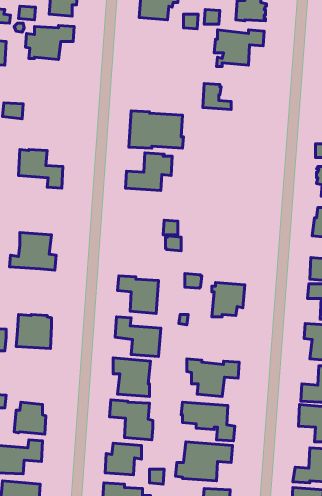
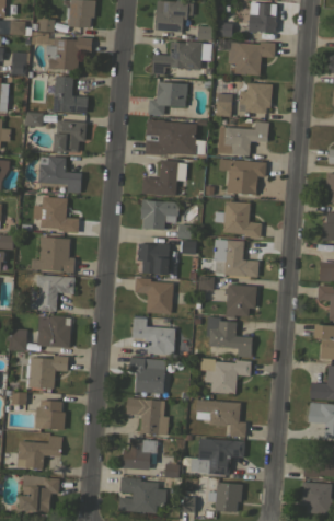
building: none -> [151,40,212,76]
building: none -> [53,76,88,114]
building: none -> [147,81,187,116]
building: none -> [238,82,272,113]
building: none -> [53,120,85,152]
building: none -> [217,121,268,155]
building: none -> [218,159,266,195]
building: none -> [32,197,79,233]
building: none -> [140,199,178,230]
building: none -> [214,201,261,238]
building: none -> [212,239,258,277]
building: none -> [136,243,169,275]
building: none -> [30,275,74,312]
building: none -> [206,316,252,357]
building: none -> [25,356,68,389]

